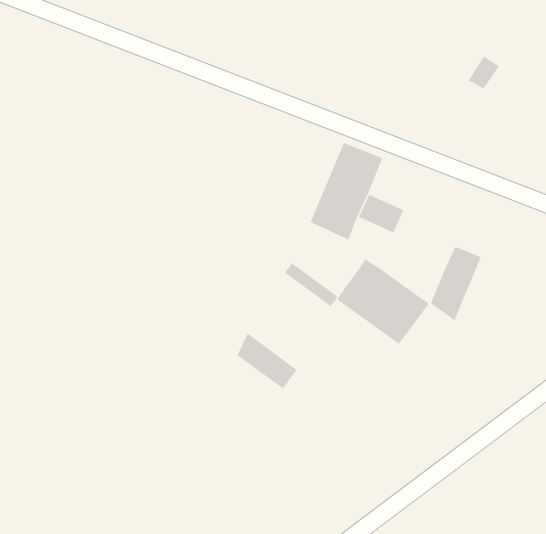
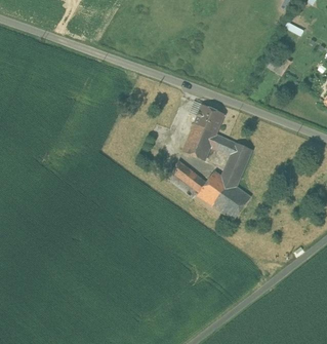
building: [430,246,482,321] -> [222,143,252,186]
building: [236,332,298,390] -> [172,159,207,192]

